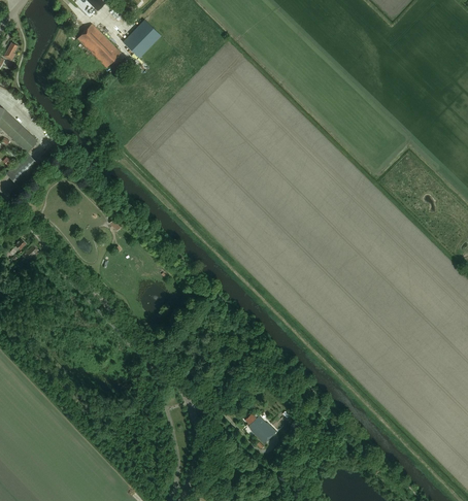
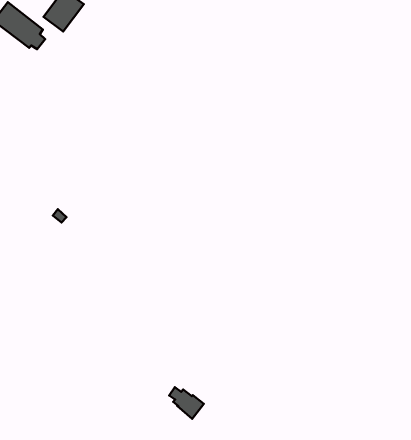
building: [245,412,276,443] -> [169,387,204,419]

